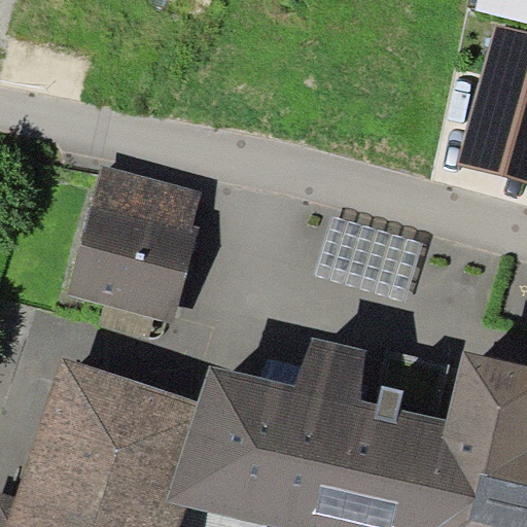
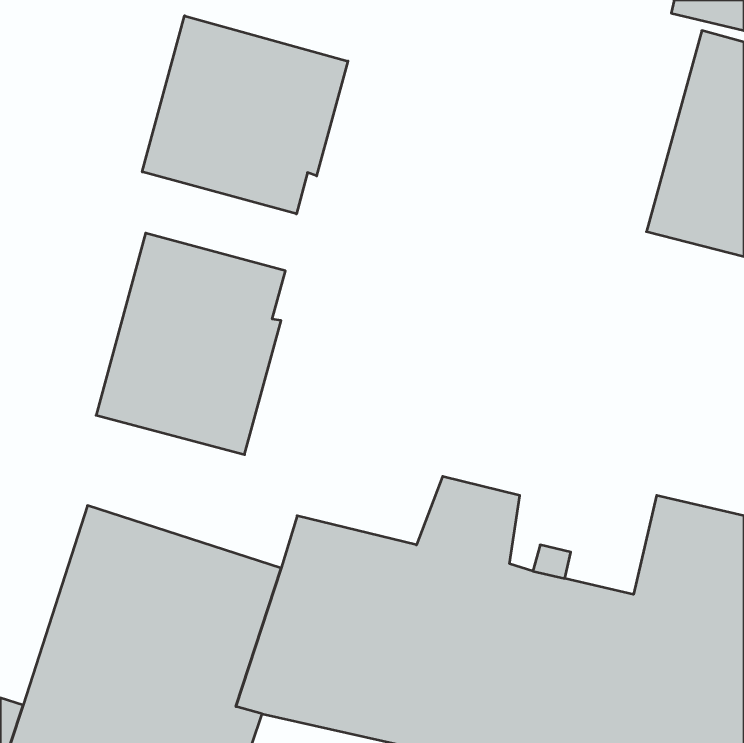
building: none -> [142,16,348,214]

